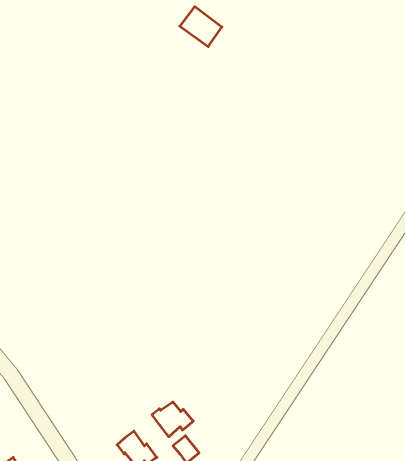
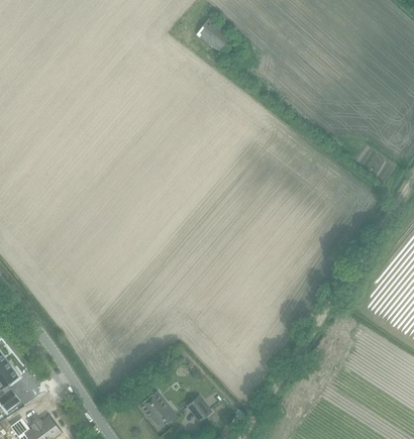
building: [152,402,193,437] -> none

